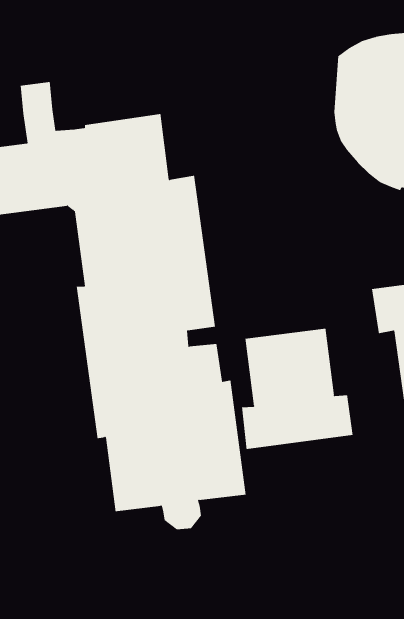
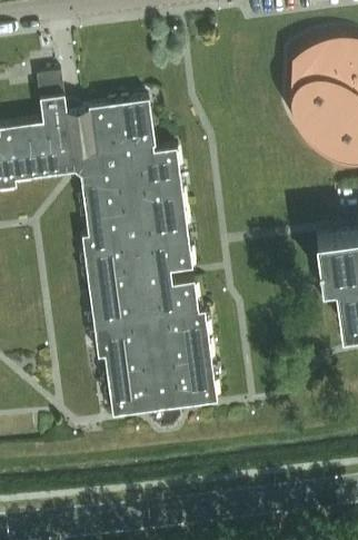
building: [241,328,353,450] -> none

